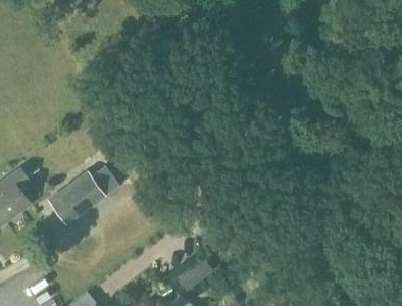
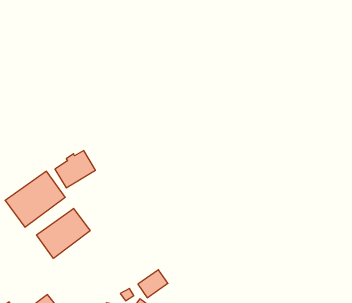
building: none -> [37,208,90,258]

